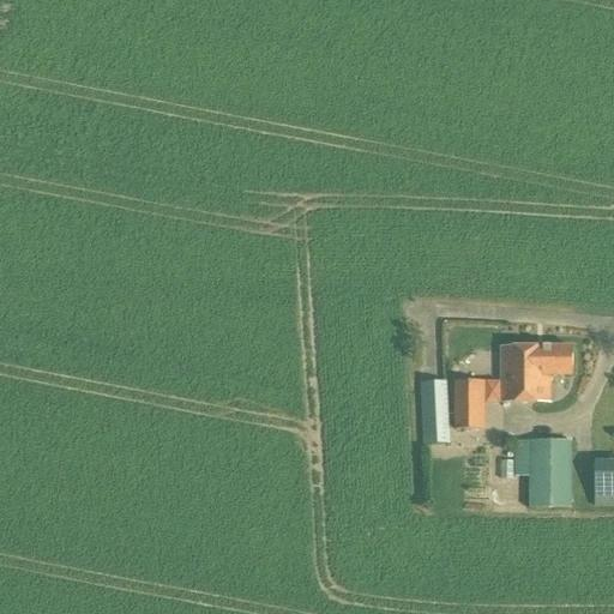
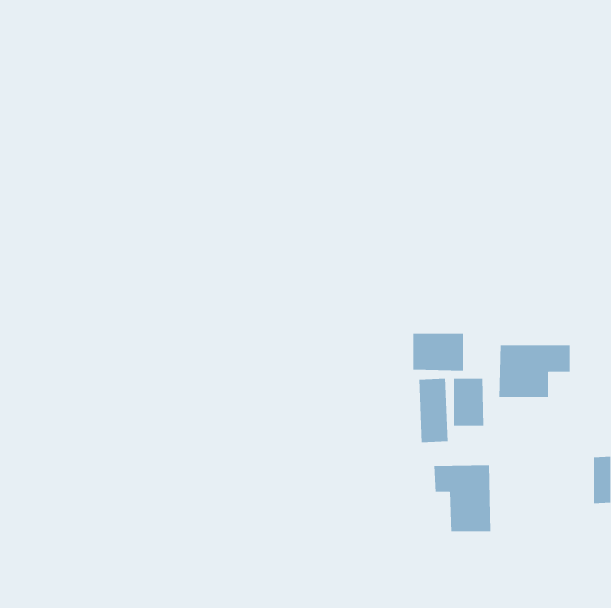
building: none -> [413,333,464,372]
building: [514,438,572,505] -> [434,465,491,532]

